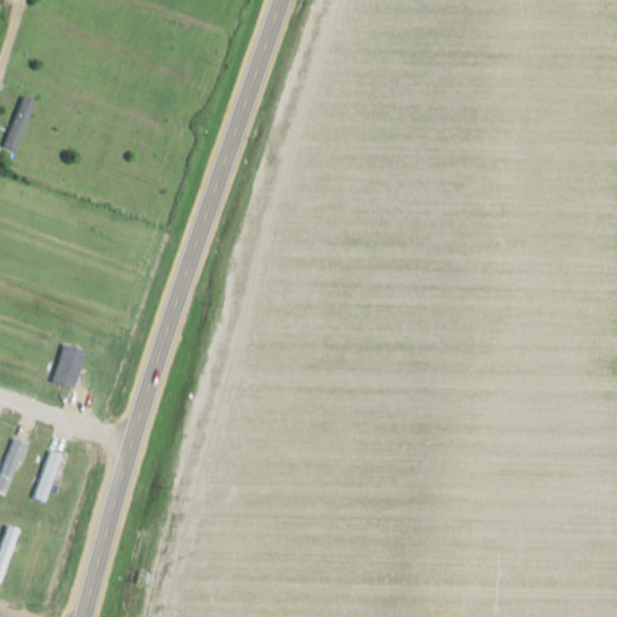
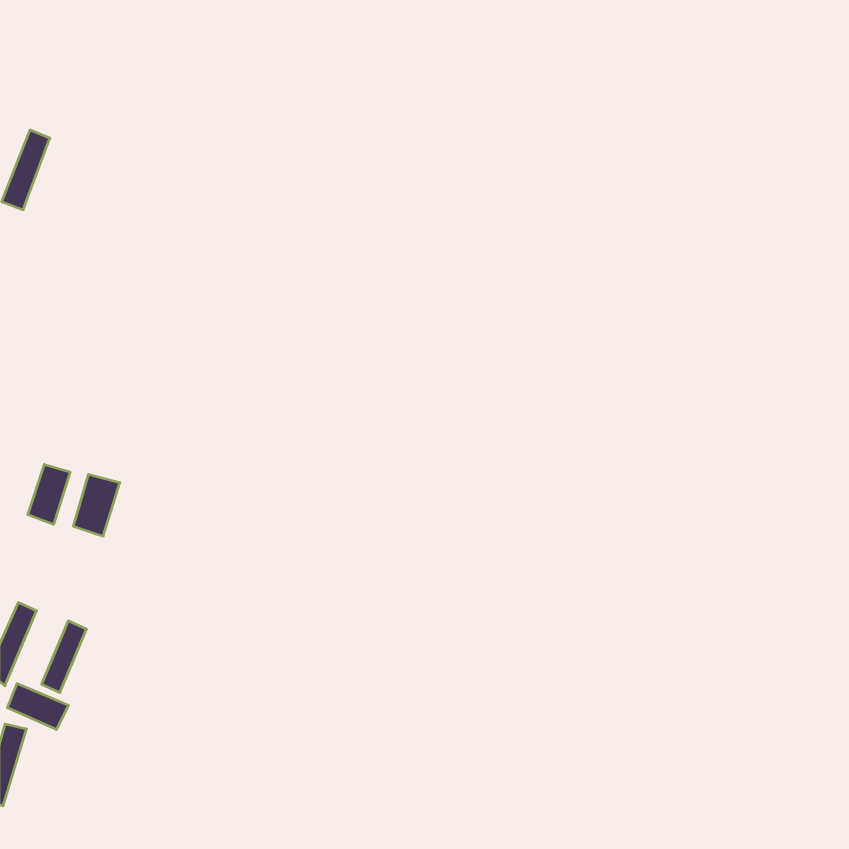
building: none -> [28,464,70,524]
building: none -> [7,684,68,730]

